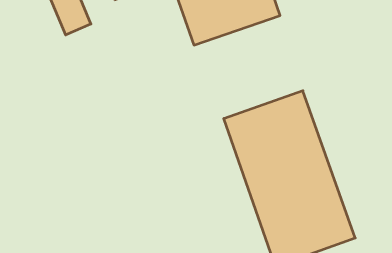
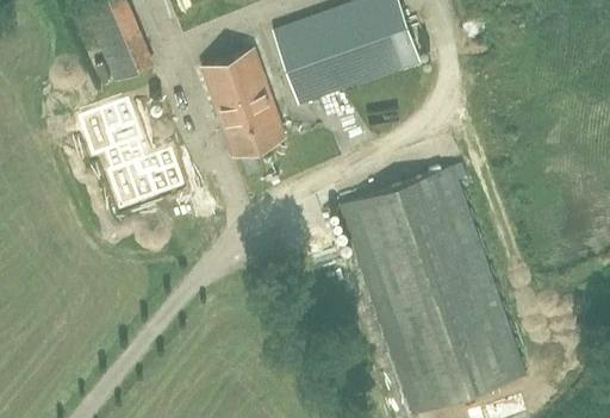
building: none -> [201,48,285,155]
building: none -> [76,100,181,210]

